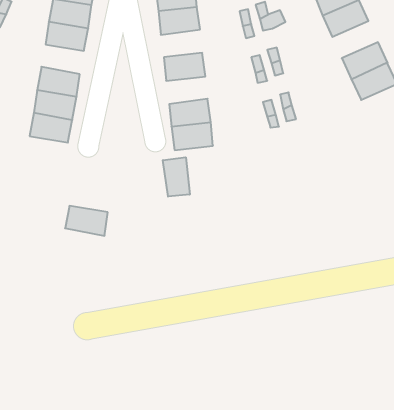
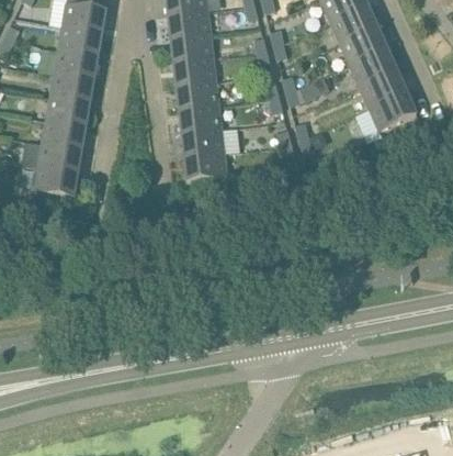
building: none -> [349,49,396,88]
building: none -> [172,58,215,87]
building: none -> [49,74,93,104]
building: none -> [178,107,220,135]
building: [163,157,190,197] -> none
building: [65,206,108,236] -> [33,168,77,199]

